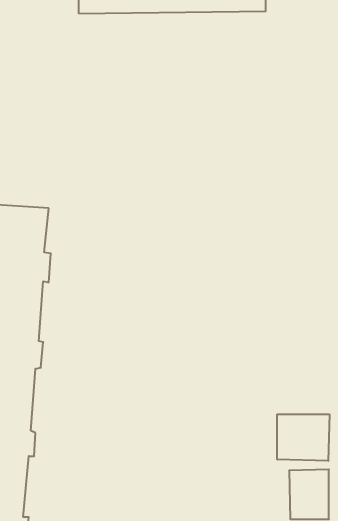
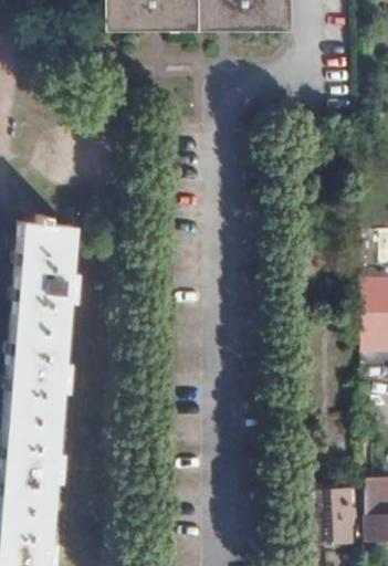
building: [277,414,329,461] -> none

